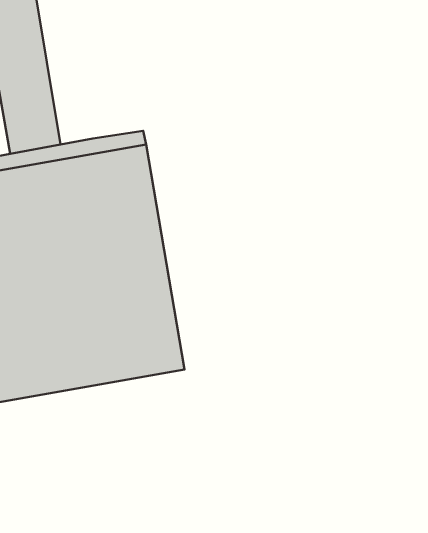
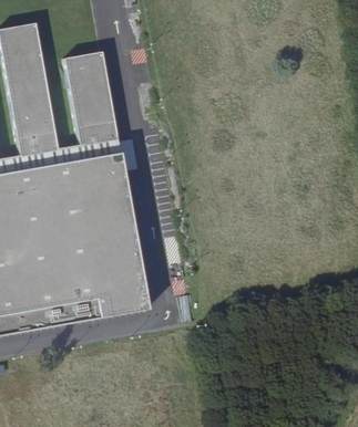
building: none -> [65,48,116,140]

